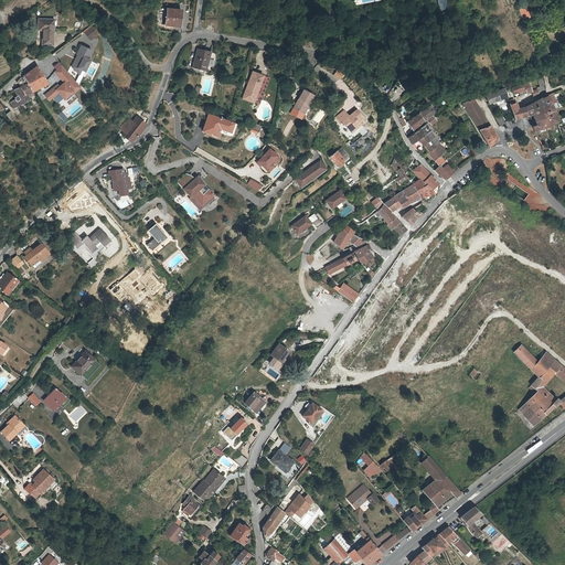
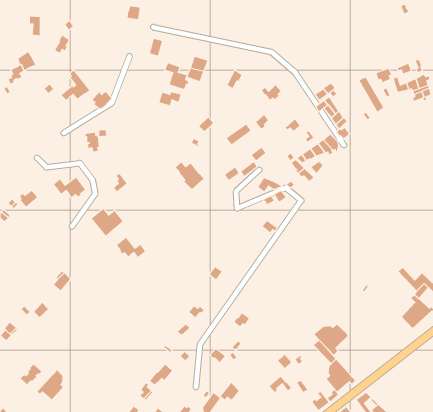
building: [43,62,81,102] -> [61,70,90,100]
building: none -> [164,63,189,90]
building: [177,174,215,211] -> [175,162,205,190]
building: none -> [116,237,146,258]
building: none -> [314,324,349,355]
building: none -> [37,369,63,400]

